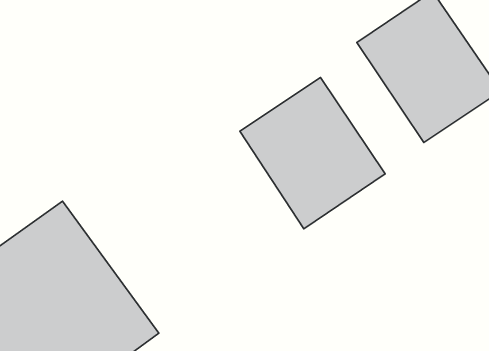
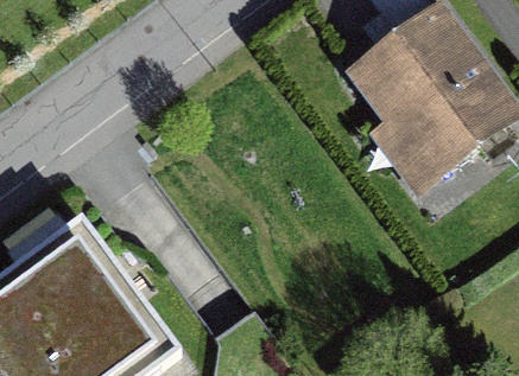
building: [240,77,385,229] -> none

